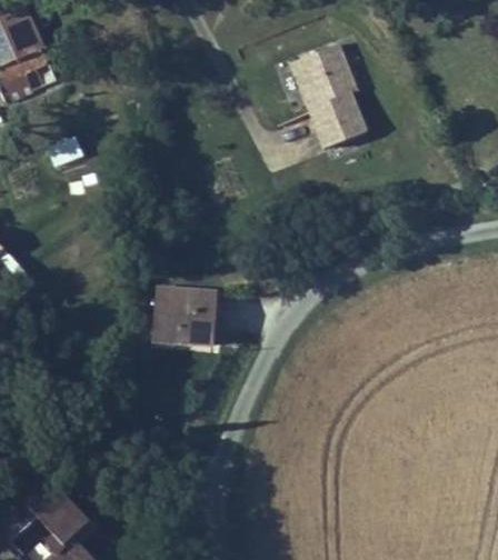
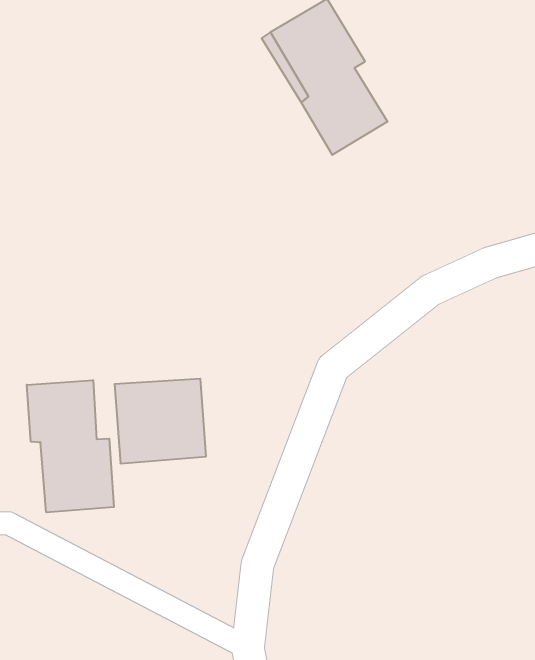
building: none -> [27,380,114,512]

